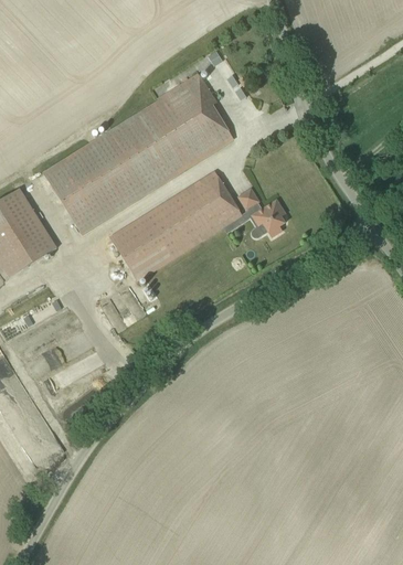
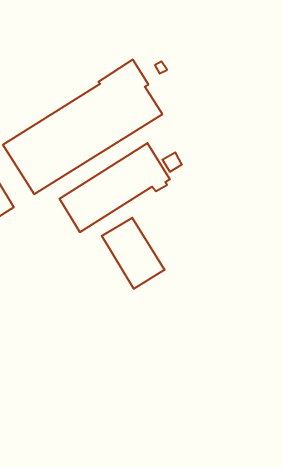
building: [246,195,284,234] -> none
building: none -> [102,218,165,289]

